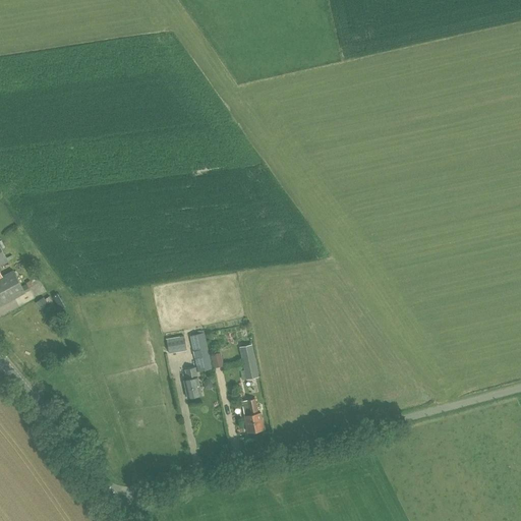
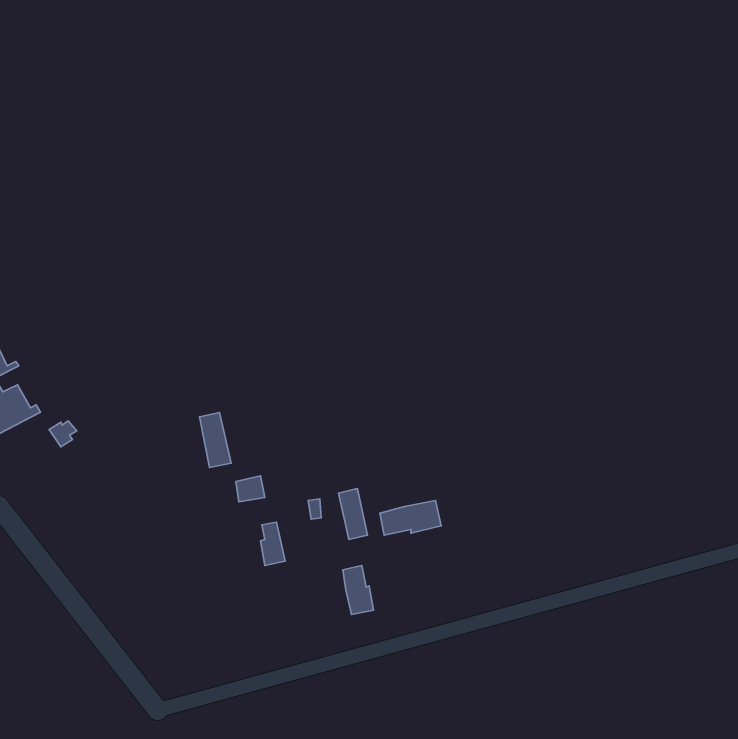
building: [189,333,212,371] -> [199,413,231,468]
building: none -> [380,501,441,535]

